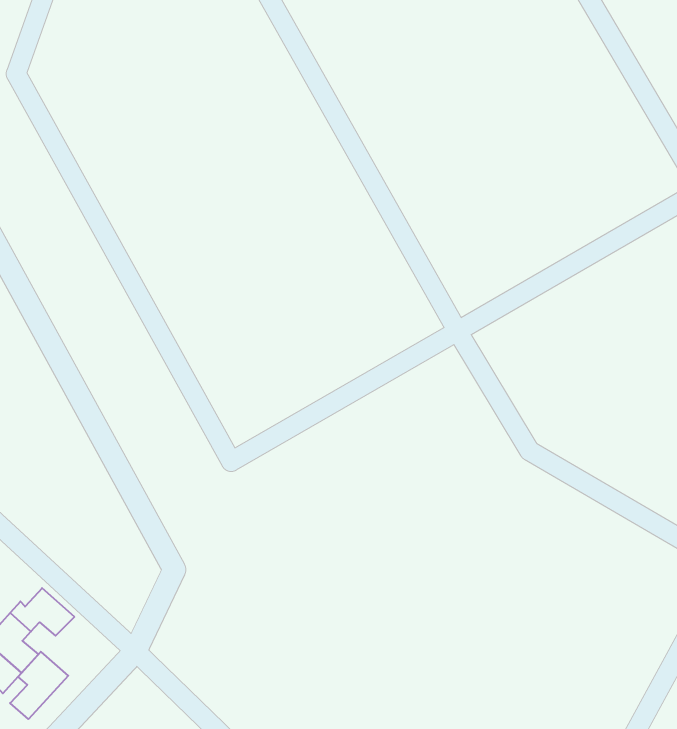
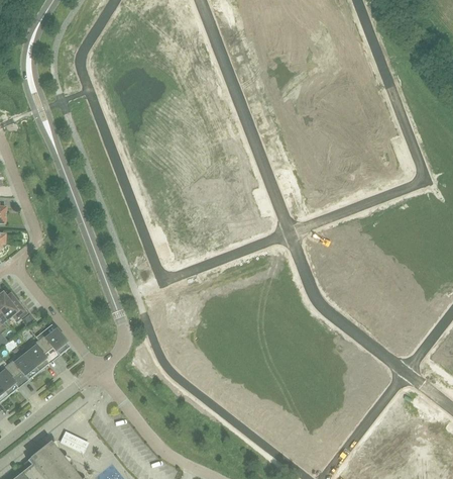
building: [10,652,68,719] -> none

